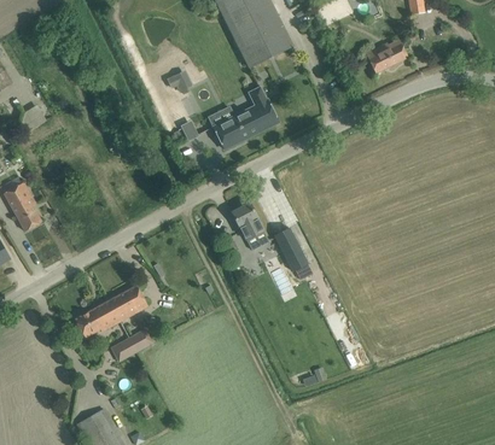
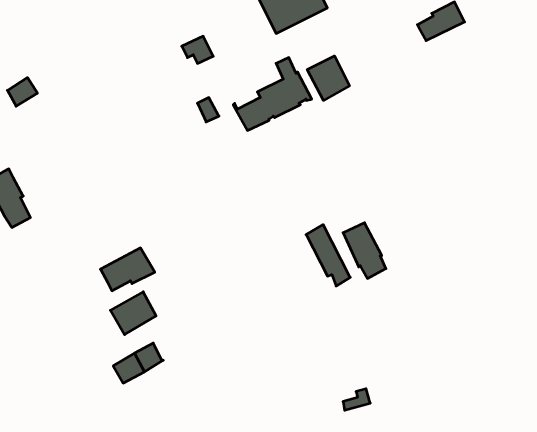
building: none -> [307,56,349,100]
building: [232,203,268,250] -> [343,223,386,278]
building: [75,300,121,336] -> [100,248,155,291]

